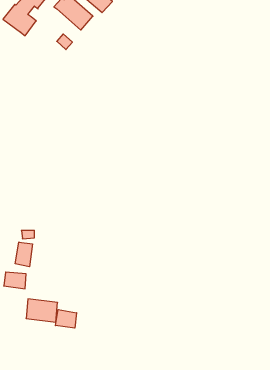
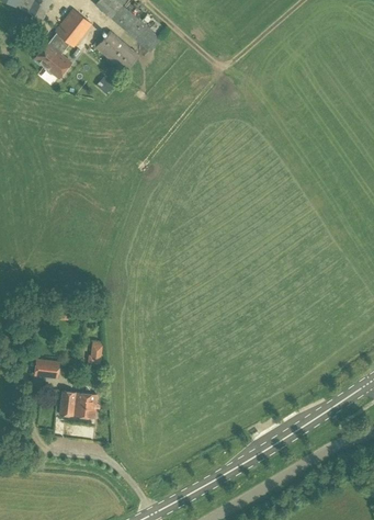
building: [15,242,32,267] -> none
building: [55,310,77,328] -> none

